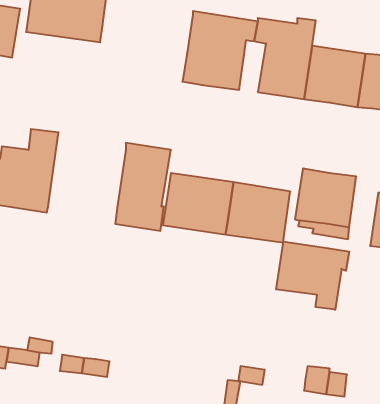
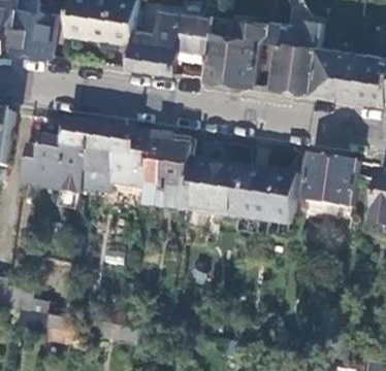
building: none -> [127,10,213,73]
building: none -> [84,123,153,193]
building: [276,241,349,310] -> none

